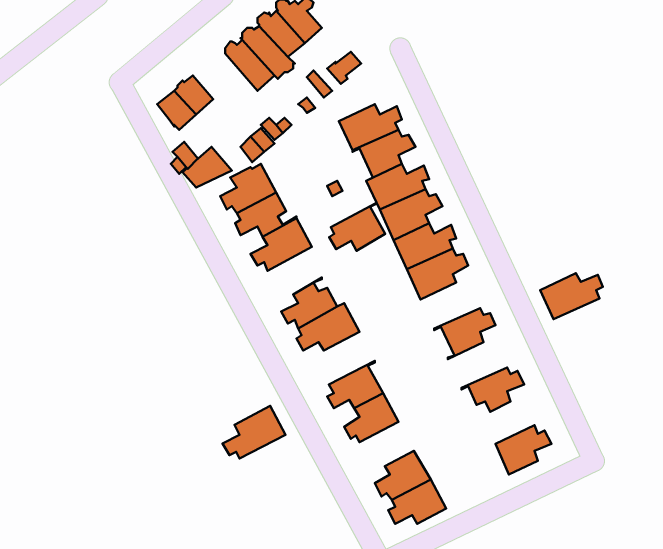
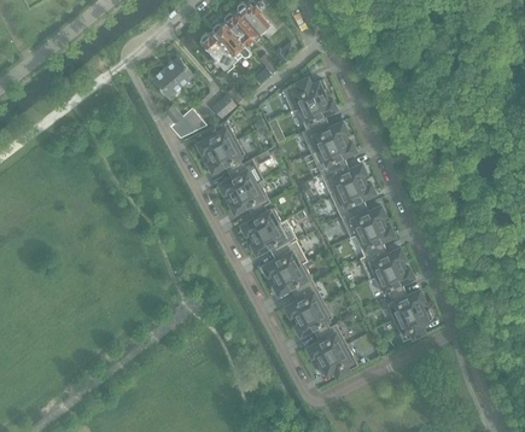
building: [329,203,385,251] -> [231,180,270,214]
building: [540,273,603,319] -> [360,247,404,280]
building: none -> [340,205,385,238]
building: none -> [386,290,424,320]
building: [223,406,286,459] -> [263,240,308,278]
building: none -> [296,304,336,335]

